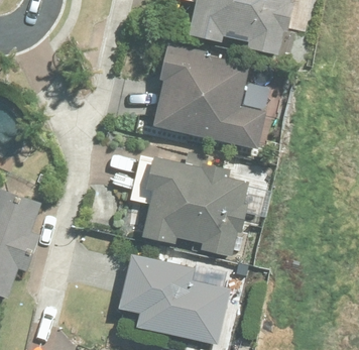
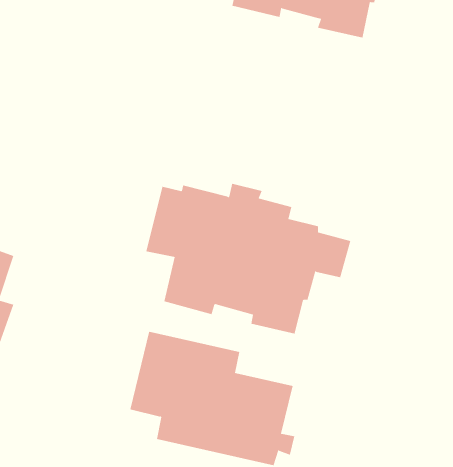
building: [154,43,264,148] -> none

